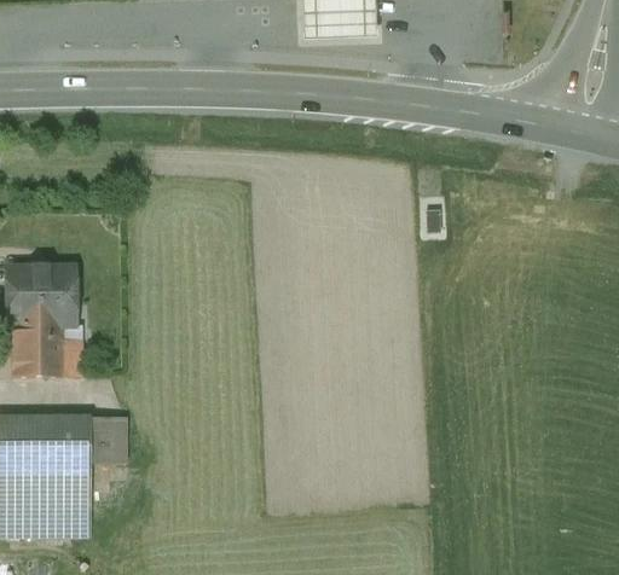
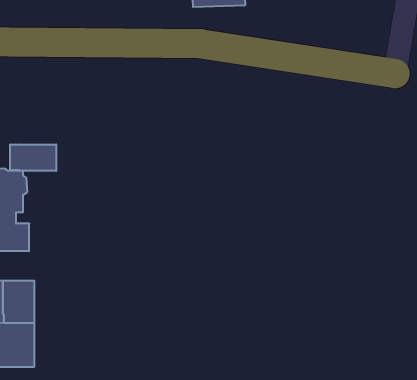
building: none -> [10,144,56,171]
building: [88,413,125,460] -> none

